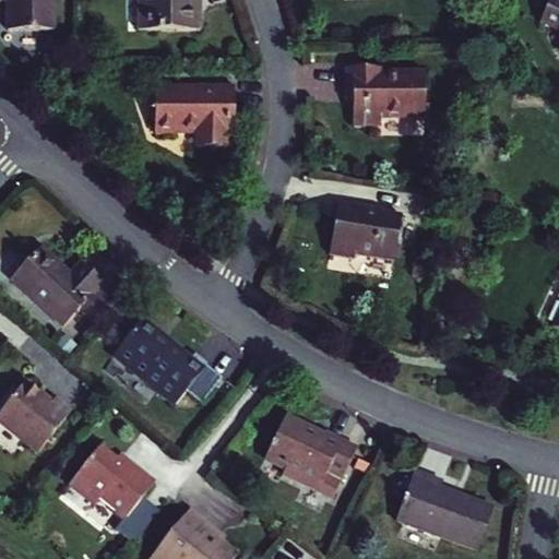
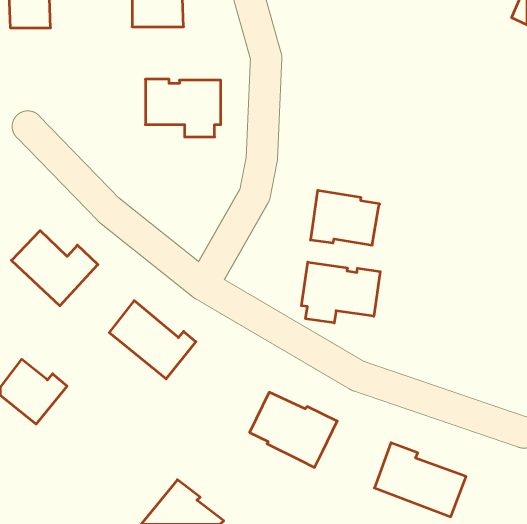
building: [345,68,425,126] -> none
building: none -> [301,262,380,323]
building: [69,444,155,516] -> none

